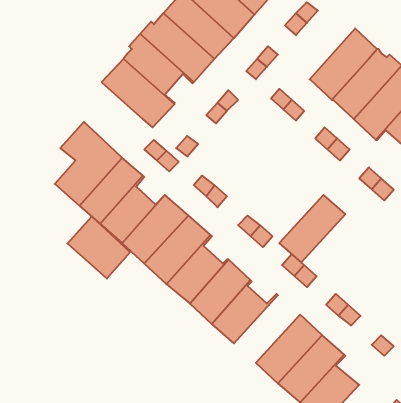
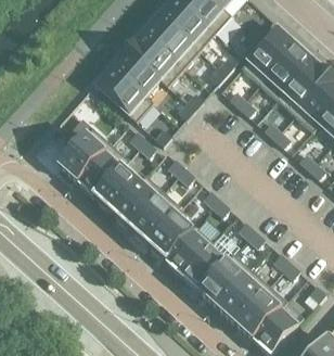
building: none -> [241,25,295,81]
building: [279,195,345,262] -> [200,252,252,305]
building: [67,217,130,279] -> none

